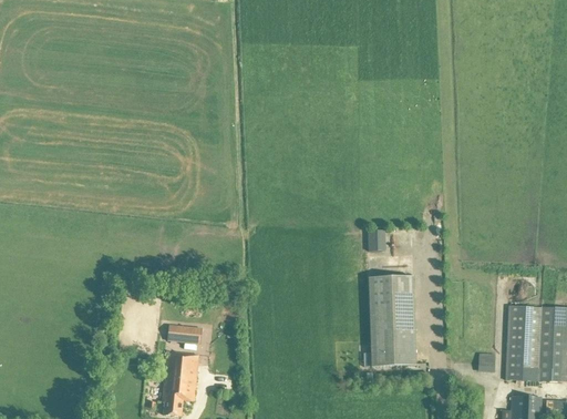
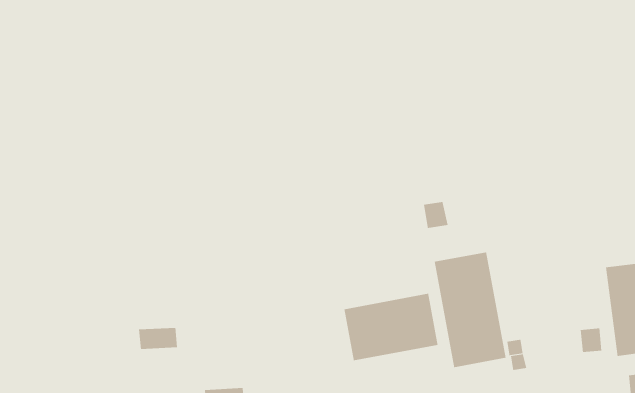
building: none -> [344,293,438,361]
building: [168,325,200,345] -> [138,327,178,349]

